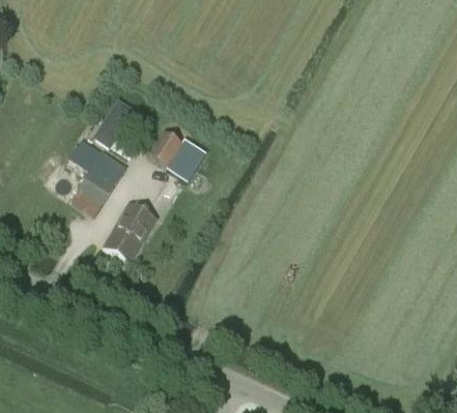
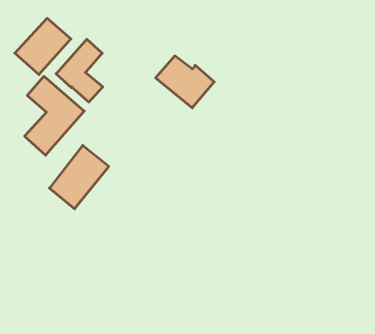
building: none -> [15,18,71,75]
building: [148,131,205,179] -> [156,56,214,108]

